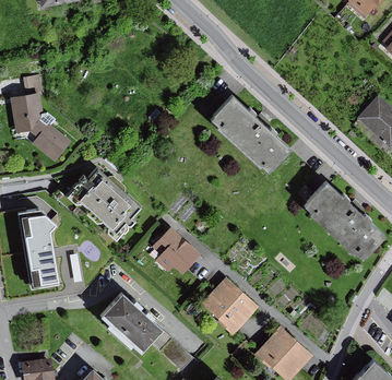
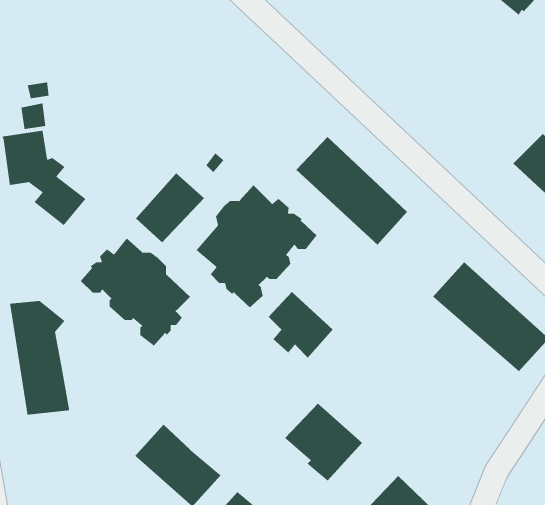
building: none -> [135,173,205,243]
building: none -> [195,184,318,308]
building: [154,227,199,273] -> [268,291,334,358]

